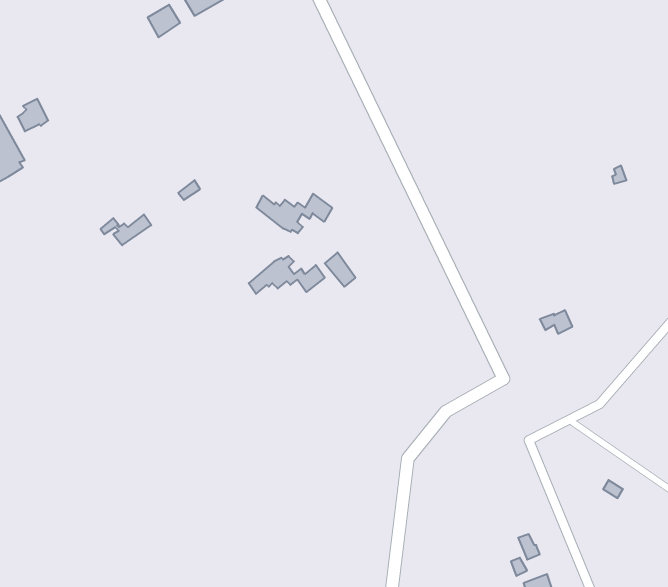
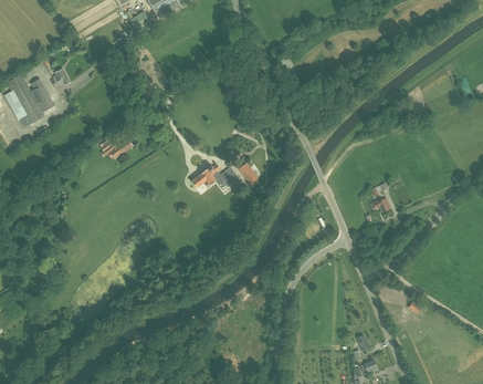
building: [256,194,332,233] -> none

